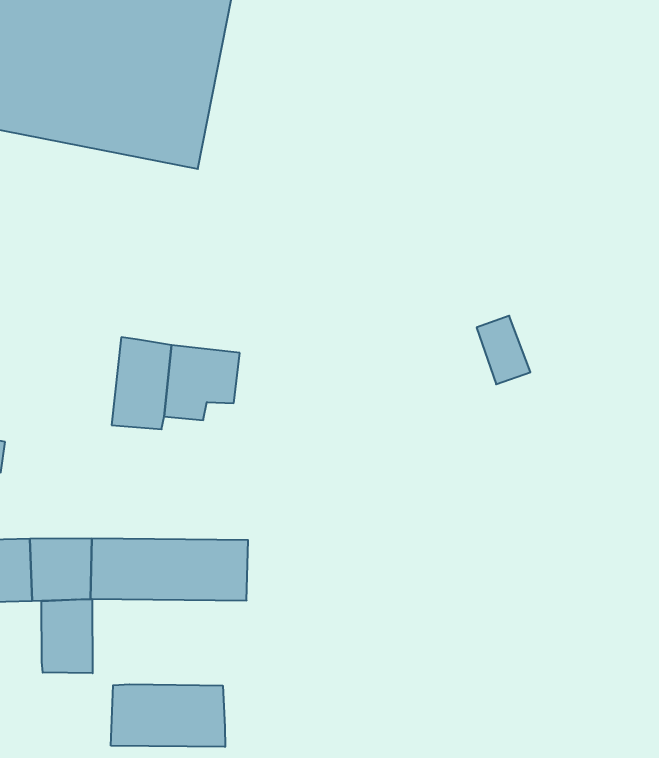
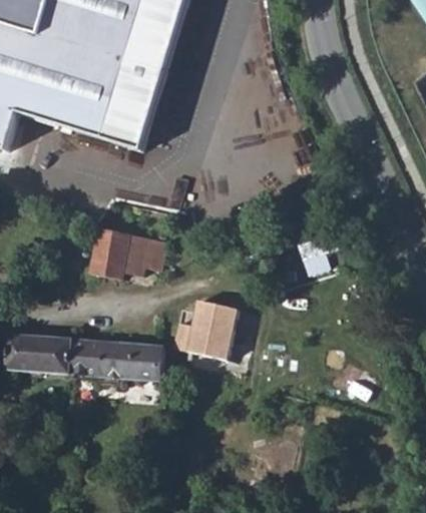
building: none -> [176,303,235,360]
building: [42,599,93,673] -> none
building: [111,684,225,747] -> none

